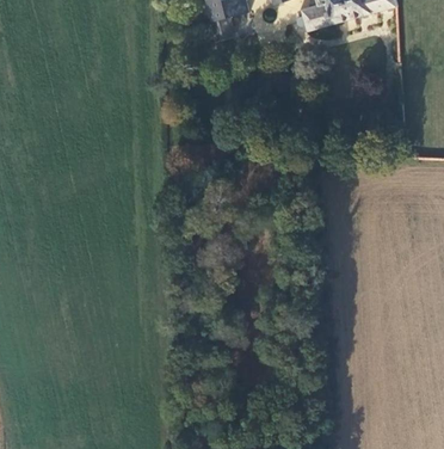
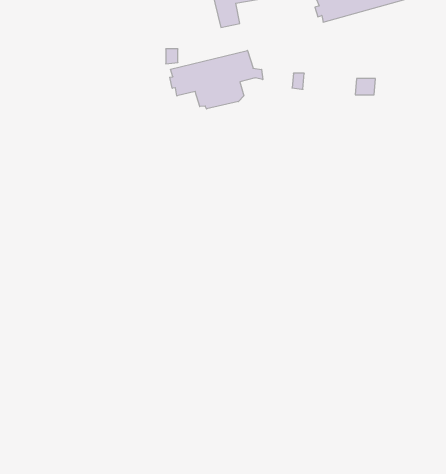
building: none -> [170,50,263,109]

